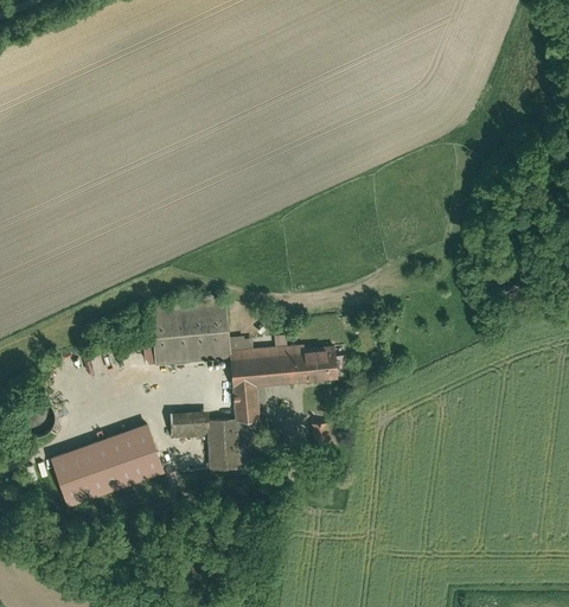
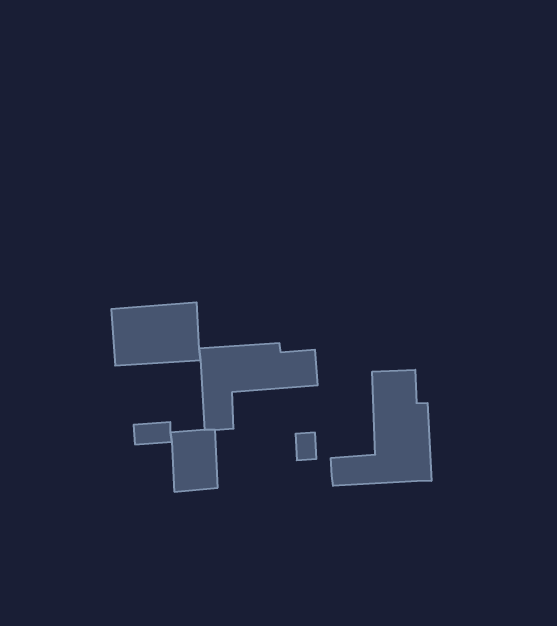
building: none -> [331,370,431,486]
building: [56,424,170,504] -> none

